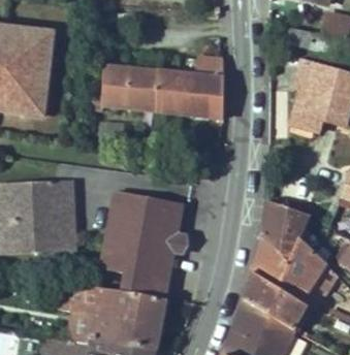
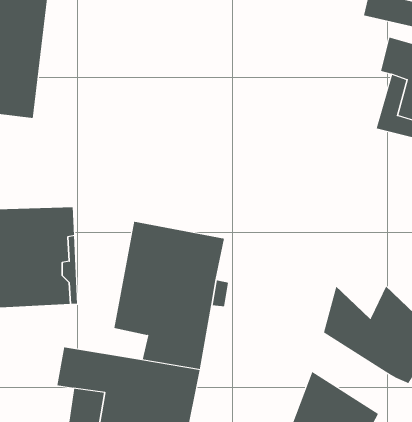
building: [90,58,223,119] -> none
building: [262,201,309,261] -> none
building: [245,271,306,330] -> none

